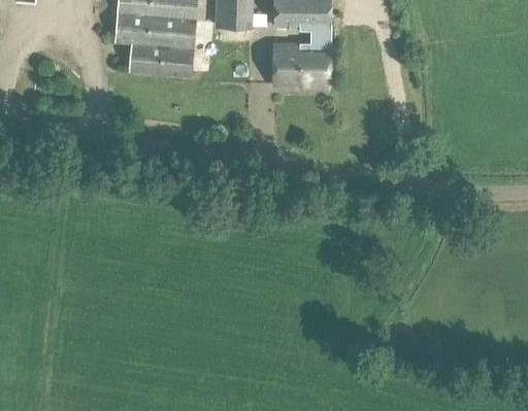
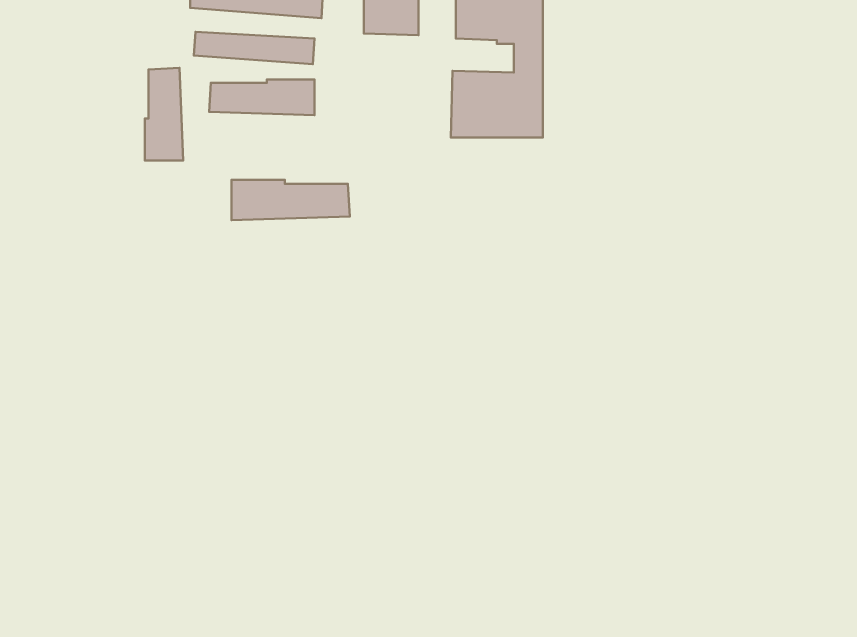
building: none -> [145,68,183,160]
building: none -> [232,180,350,220]

